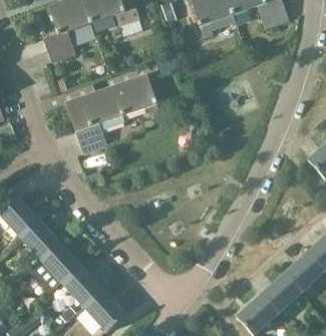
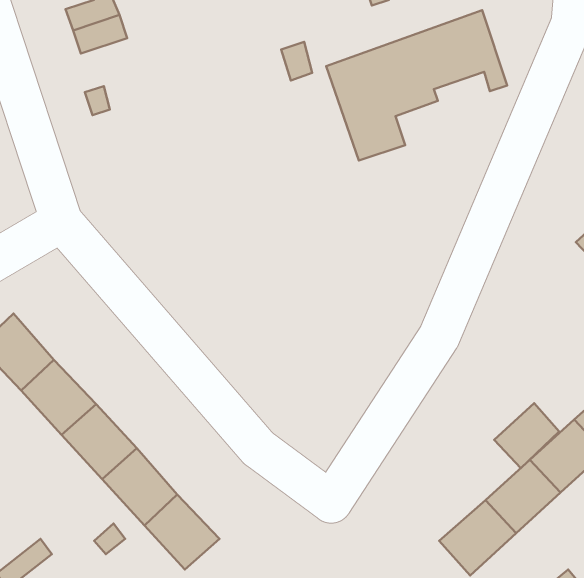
building: [65,74,159,152] -> [326,10,507,161]
building: none -> [494,403,559,468]

